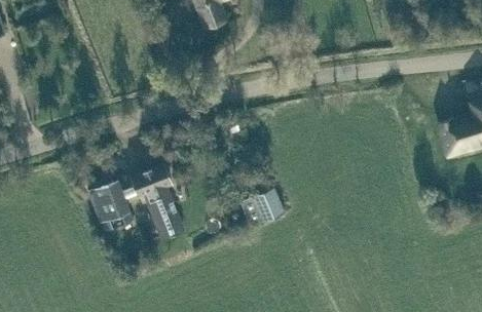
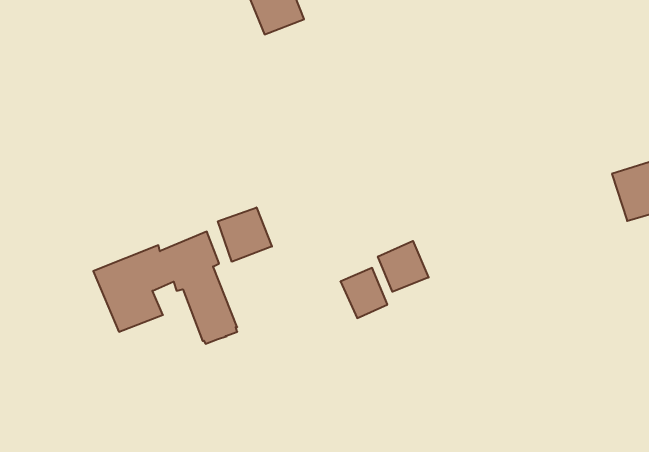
building: none -> [218,207,272,262]
building: none -> [378,241,429,292]

